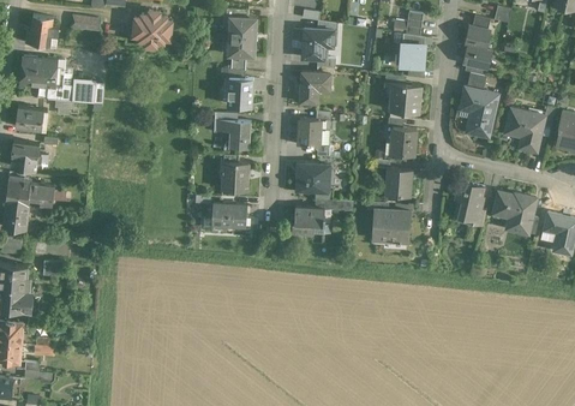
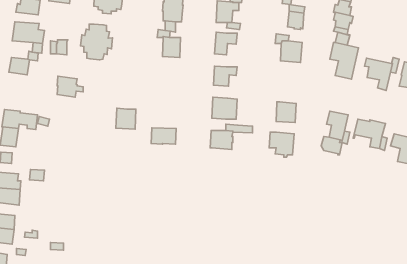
building: none -> [81,24,113,60]
building: [212,120,250,149] -> none
building: [391,124,420,153] -> none
building: [11,142,47,171] -> [57,76,83,97]
building: [221,162,248,191] -> [116,108,136,129]

